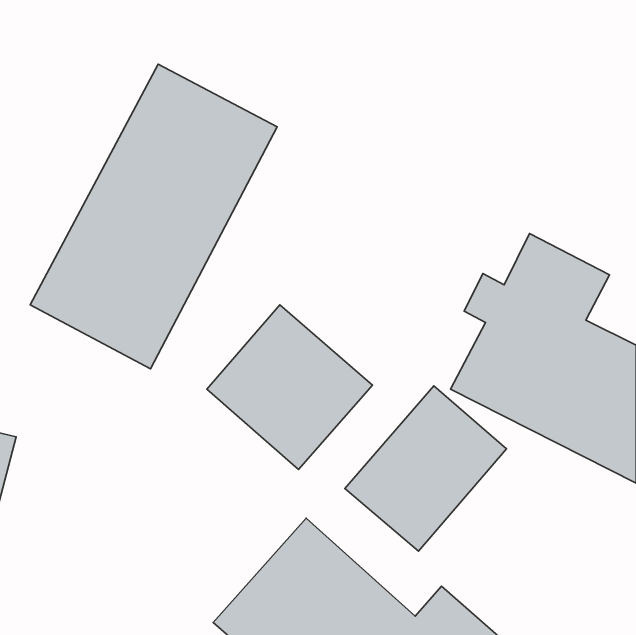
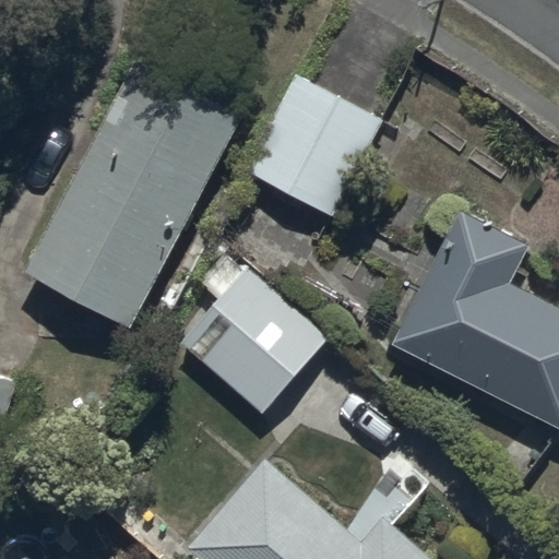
building: none -> [243,75,383,218]
building: [345,386,506,551] -> none

